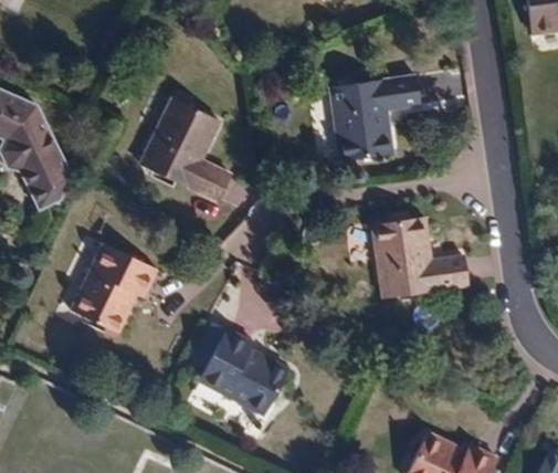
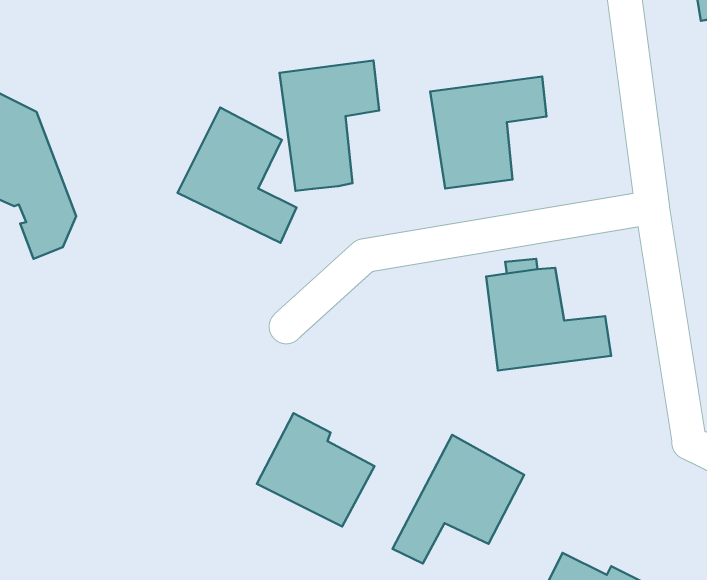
building: none -> [279,60,379,191]
building: [72,244,155,332] -> none
building: none -> [393,435,524,564]

